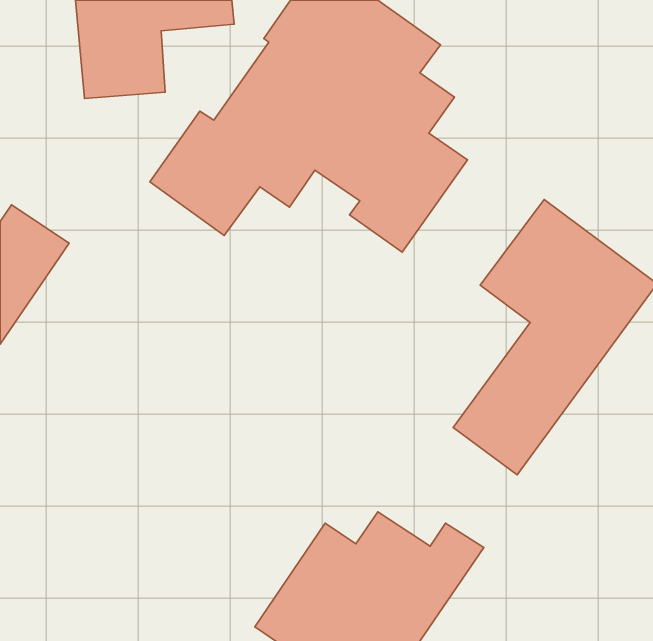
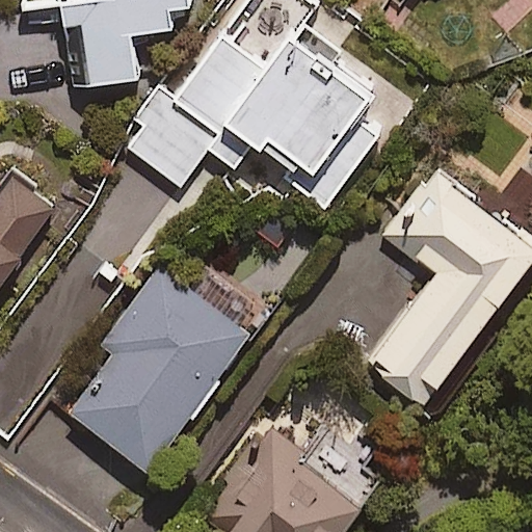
building: none -> [71,270,246,466]

